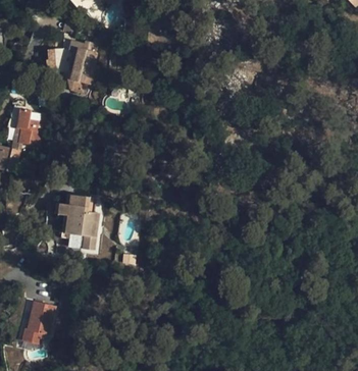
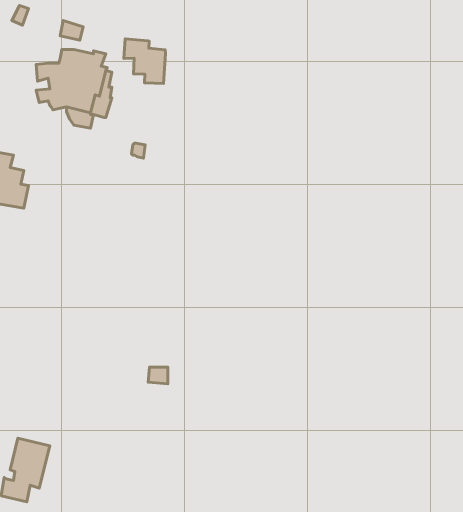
building: none -> [124,39,166,84]
building: [57,193,98,250] -> none

